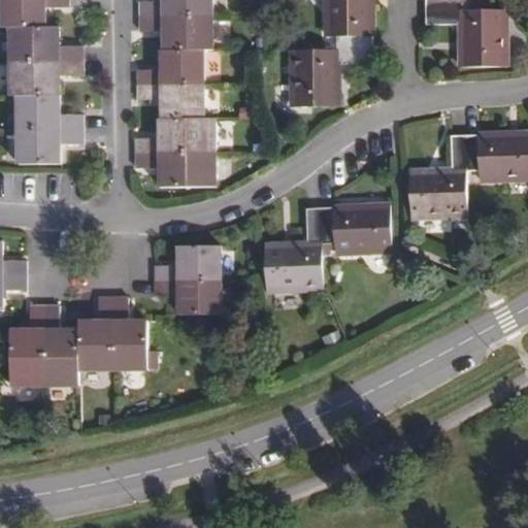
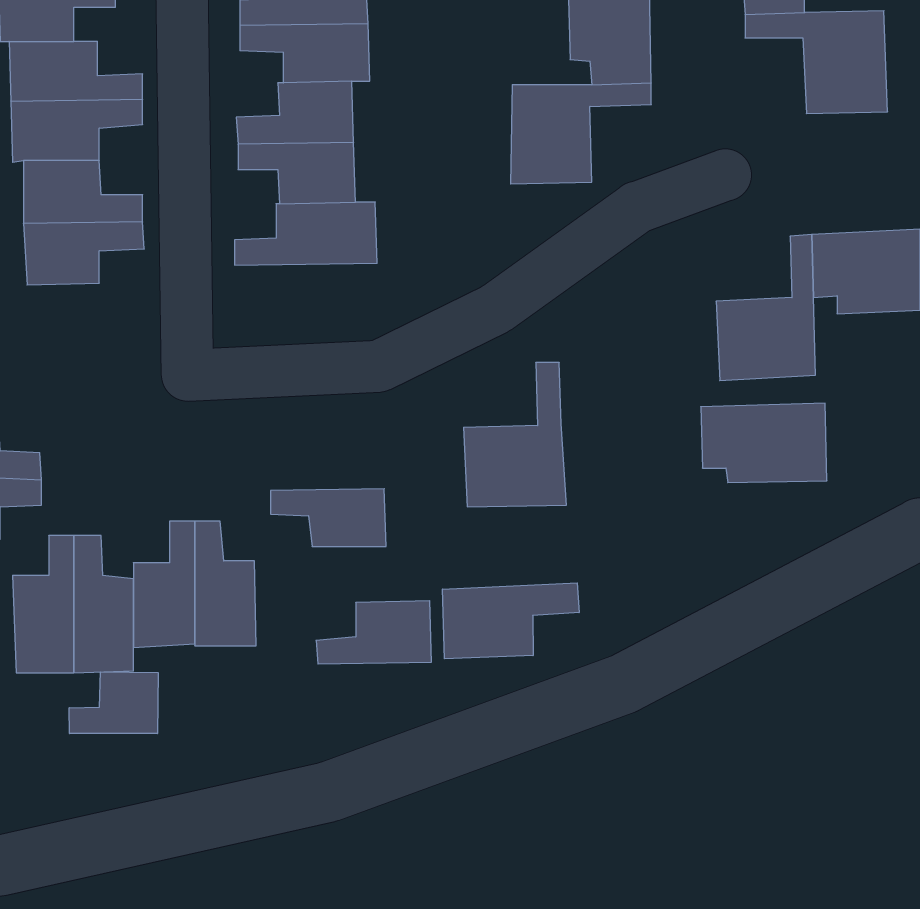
building: [133,151,217,186] -> none
building: [320,205,392,251] -> [701,403,827,483]
building: [154,244,220,280] -> [316,601,431,664]
building: none -> [443,583,579,659]
building: none -> [69,672,158,734]

